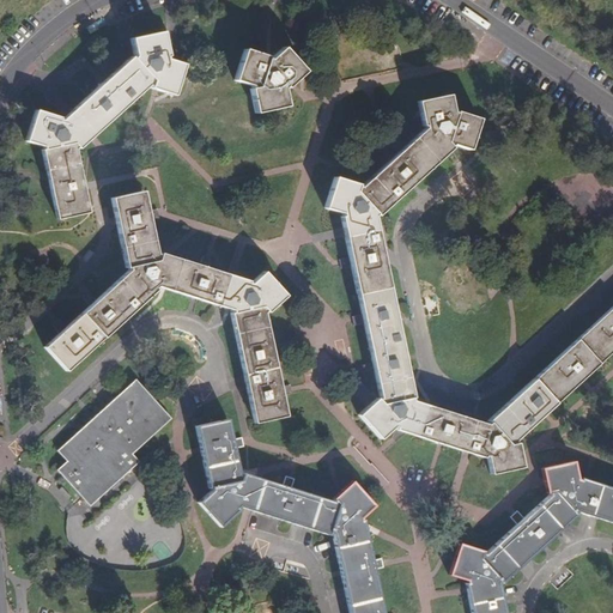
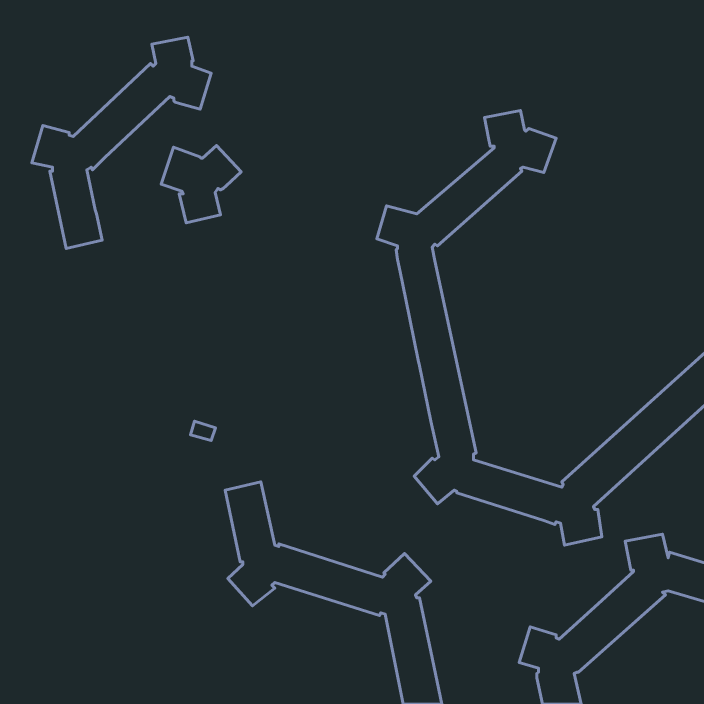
building: [237,48,306,115] -> [161,146,241,223]
building: [45,188,287,421] -> none
building: [60,377,172,503] -> none

